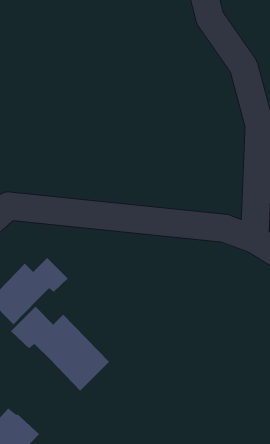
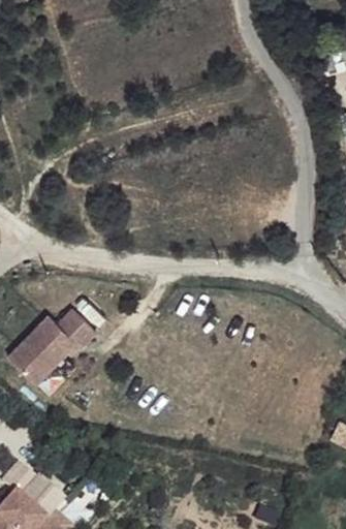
building: [10,306,110,391] -> none

